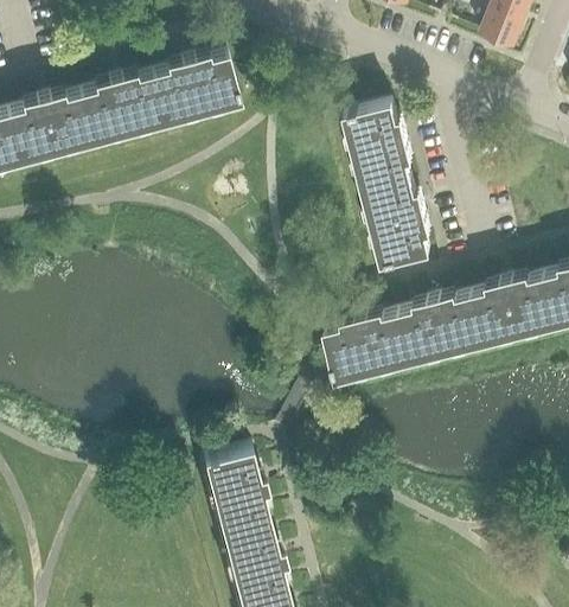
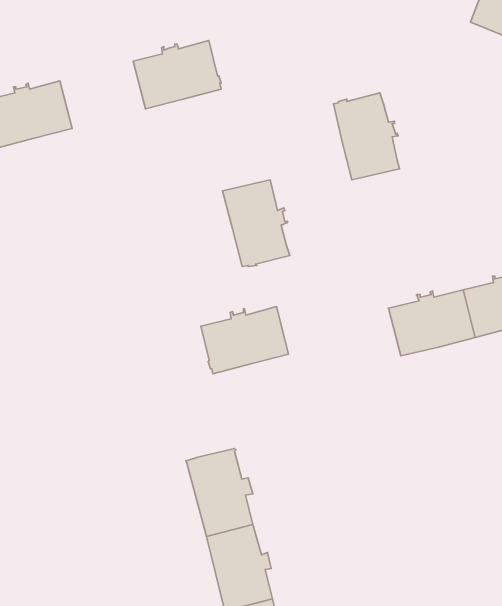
building: [82,76,165,141] -> none
building: [365,180,430,264] -> [223,180,290,267]
building: [327,315,413,381] -> [201,307,289,374]

